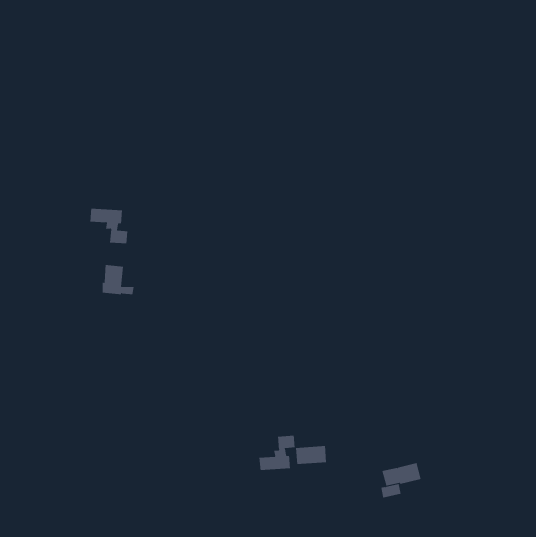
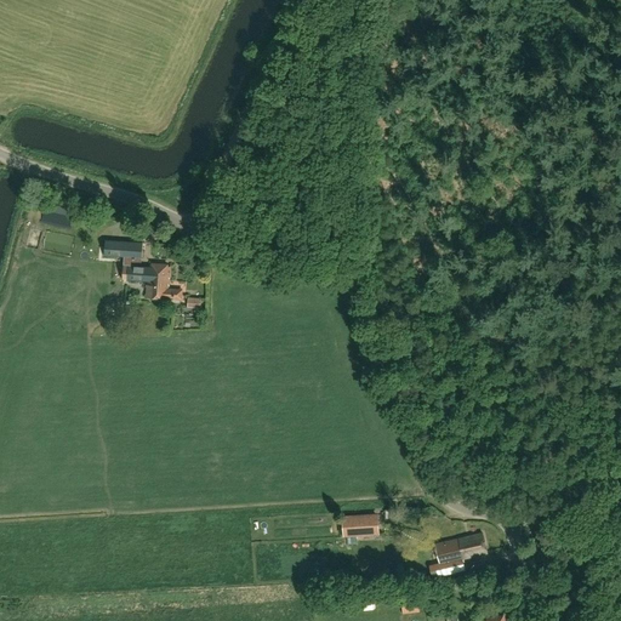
building: [102,264,134,295] -> [144,264,182,300]
building: [259,435,295,471] -> none

